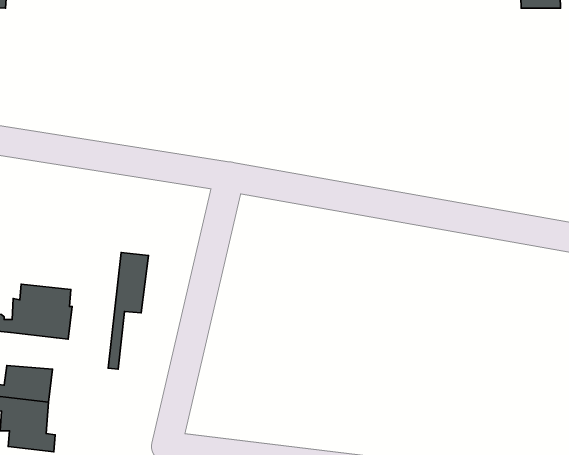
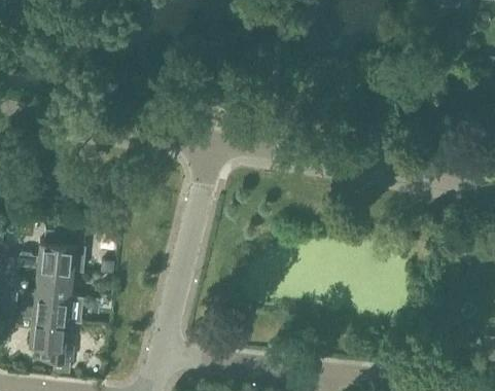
building: [108,253,149,369] -> none
building: none -> [34,266,73,295]

